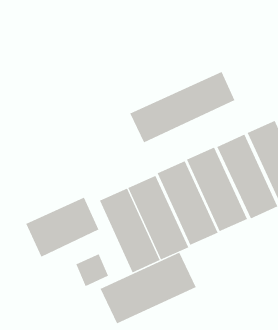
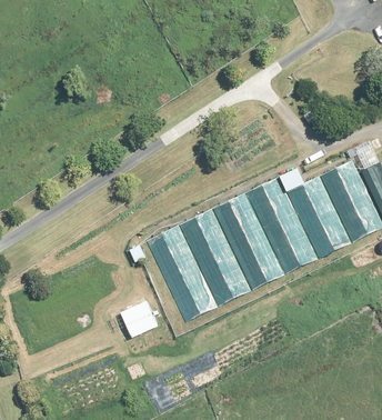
building: [129,71,235,143] -> none
building: [25,197,99,258] -> none
building: [100,252,196,324] -> none

